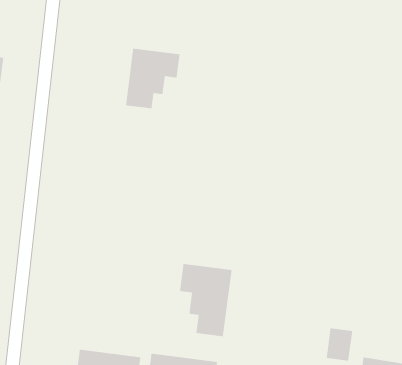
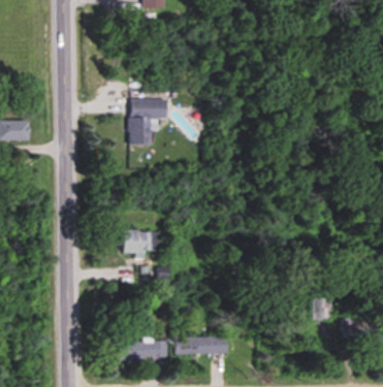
building: none -> [124,231,162,252]
building: [179,263,232,337] -> none

